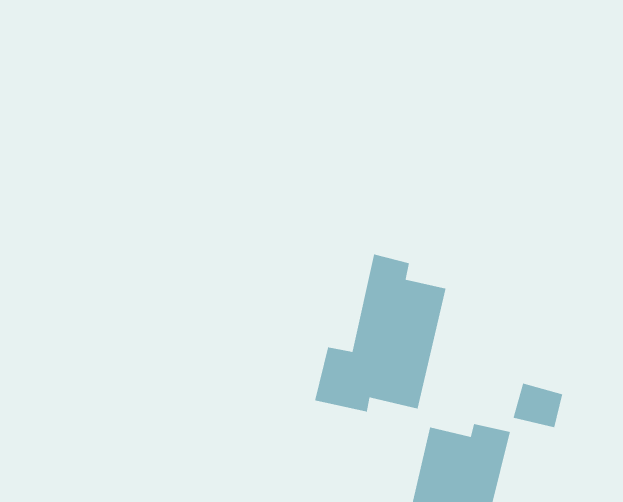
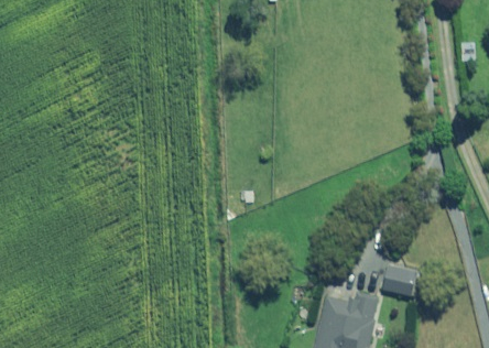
building: [314,253,447,413] -> none

